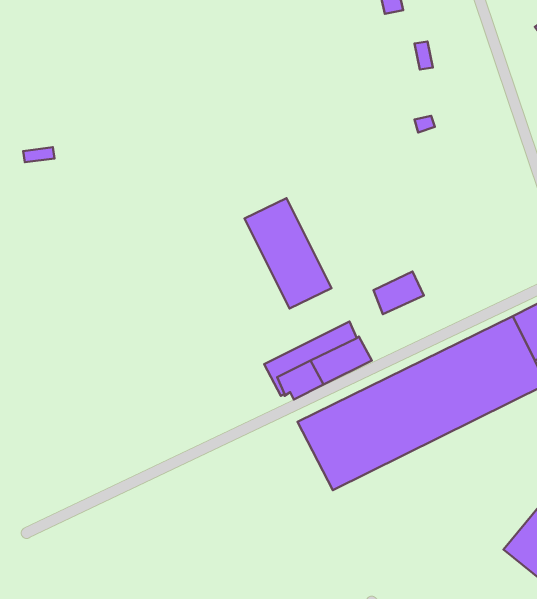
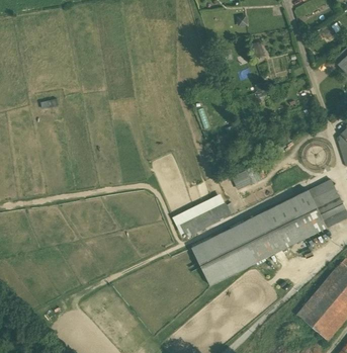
building: [245,198,332,308] -> none

